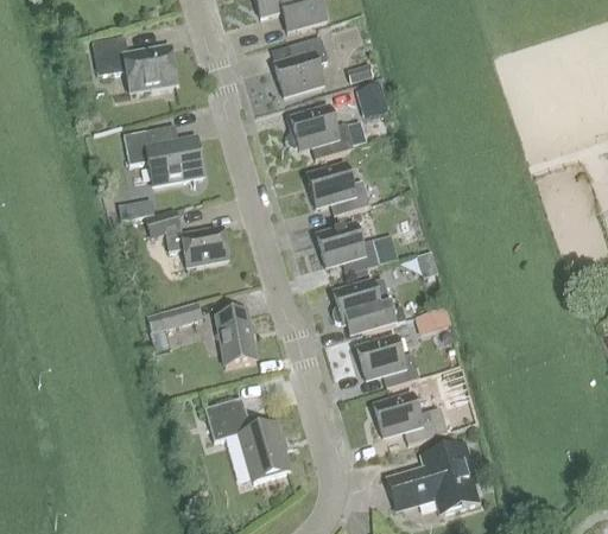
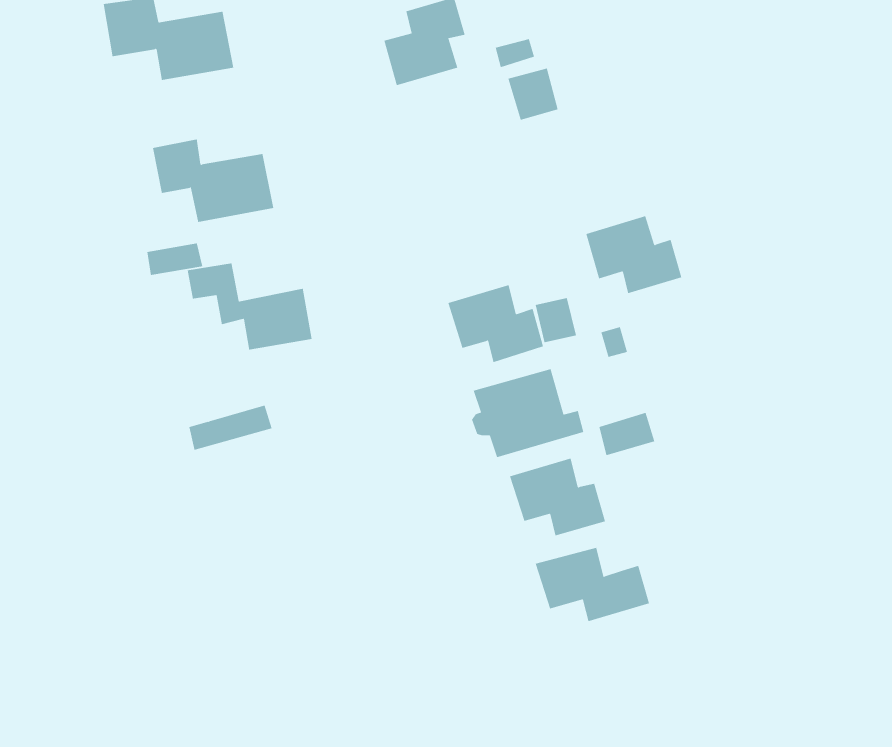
building: [287,106,353,158] -> none
building: [306,164,369,215] -> [586,215,682,294]
building: [216,309,255,365] -> none
building: [204,396,290,481] -> none
building: [387,441,480,513] -> none

